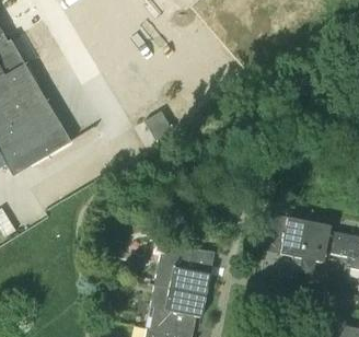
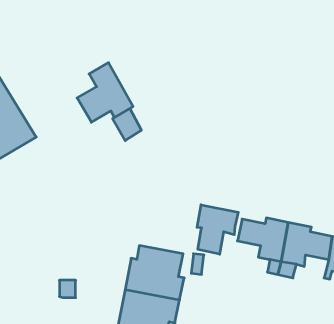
building: none -> [77,63,133,122]
building: none -> [197,205,238,254]

